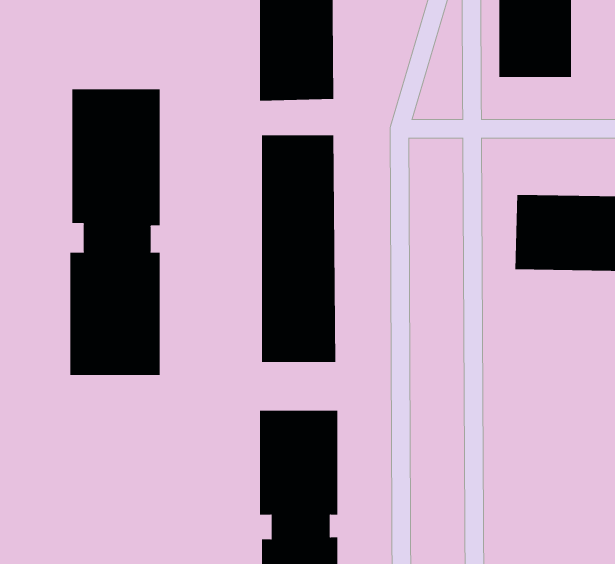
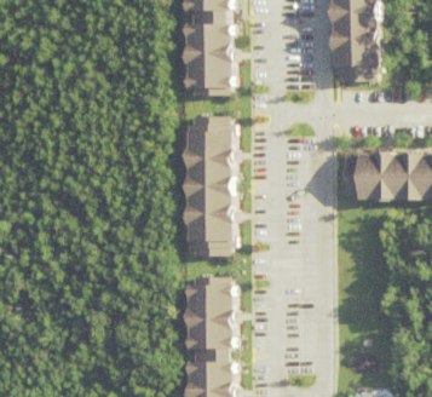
building: [70,88,160,376] -> none

